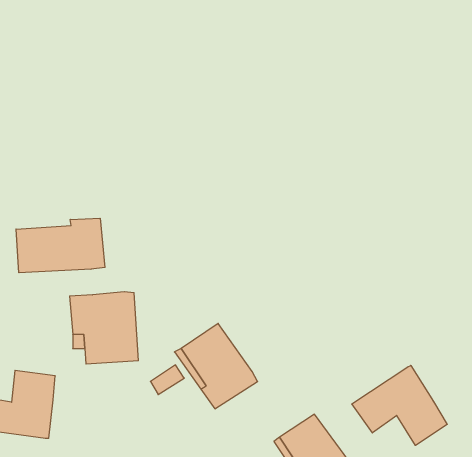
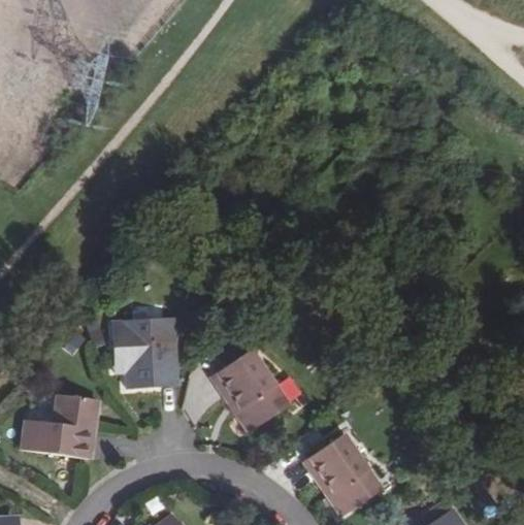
building: [16,218,105,273] -> none
building: [352,365,447,445] -> none

